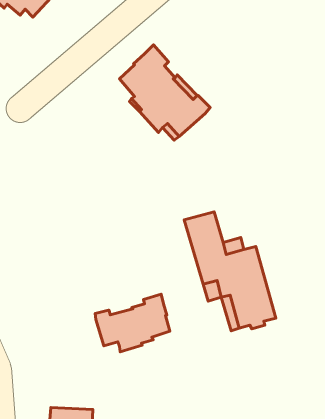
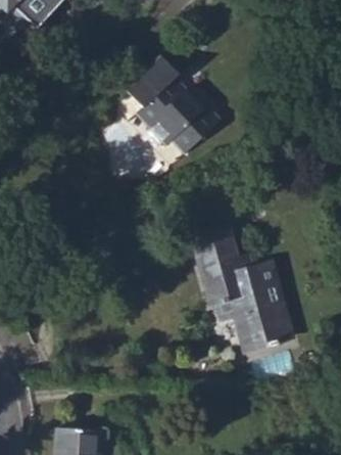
building: [95,294,170,352] -> none

